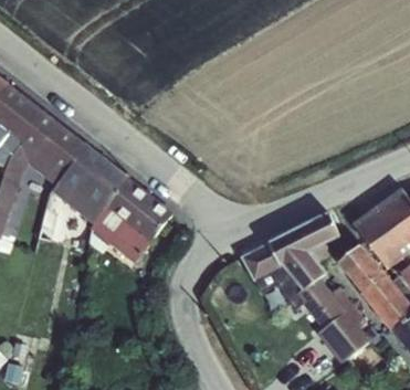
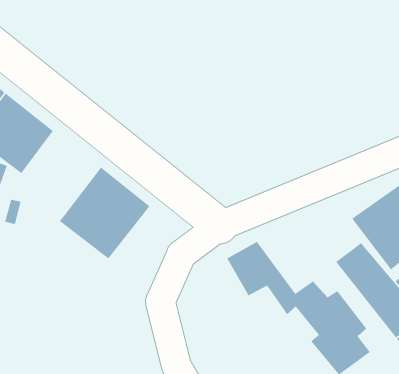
building: [53,145,127,220] -> none
building: [266,213,338,289] -> none

